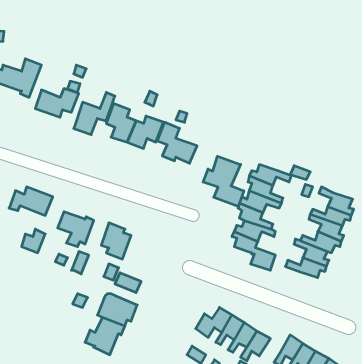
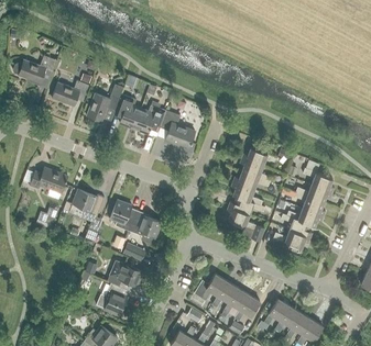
building: [203,156,244,207] -> none
building: none -> [129,210,162,236]

